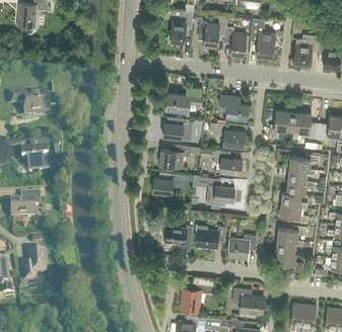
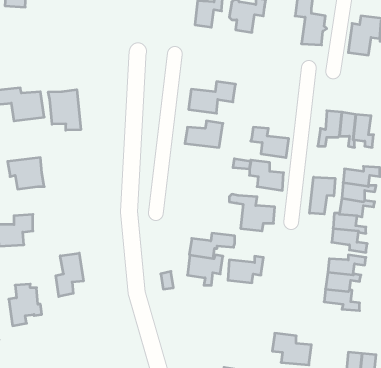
building: [224,26,247,56] -> none
building: none -> [48,90,81,130]
building: [220,94,249,119] -> none
building: [159,145,190,167] -> none
building: none -> [310,177,335,214]
building: [152,173,189,193] -> [189,233,235,259]
building: none -> [56,253,83,297]
building: [227,234,257,258] -> none
building: [181,282,215,311] -> none

